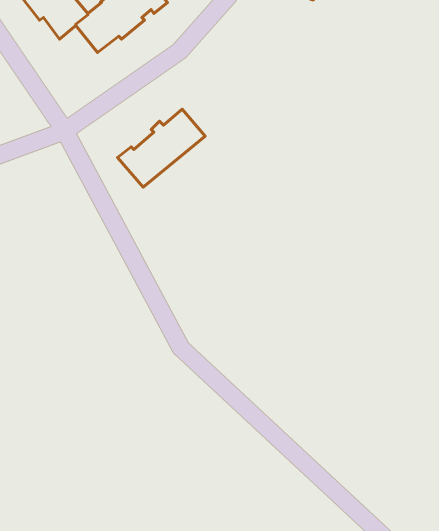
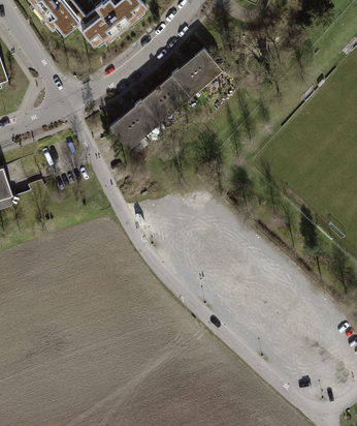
building: none -> [158,49,223,111]

